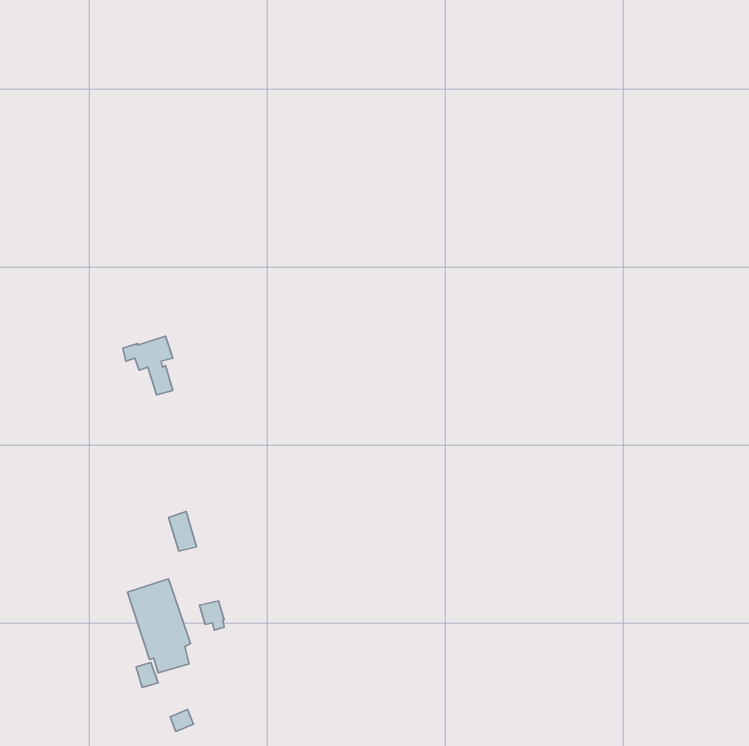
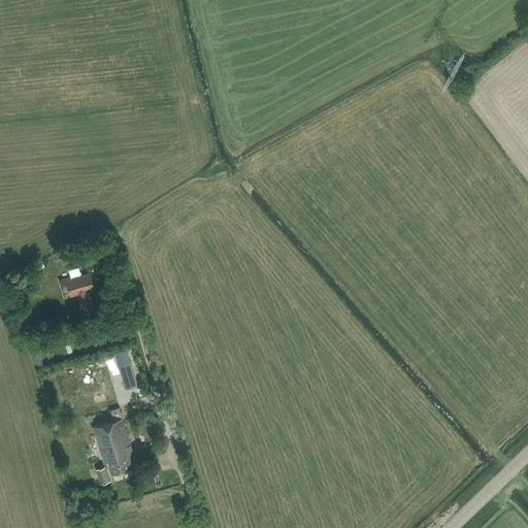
building: [123,336,173,395] -> [60,274,95,316]

